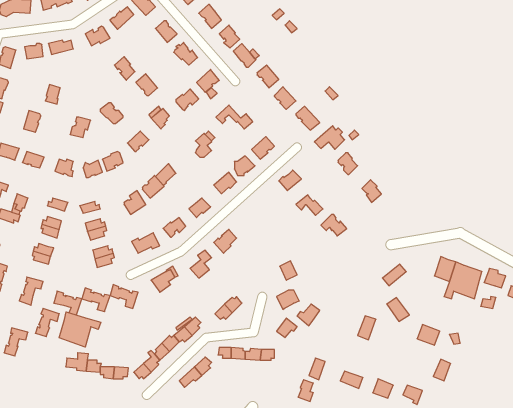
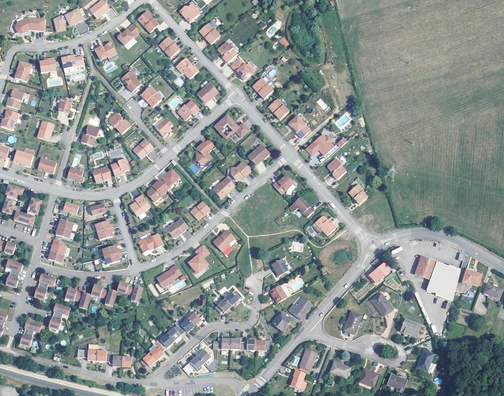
building: [59,312,101,347] -> none

